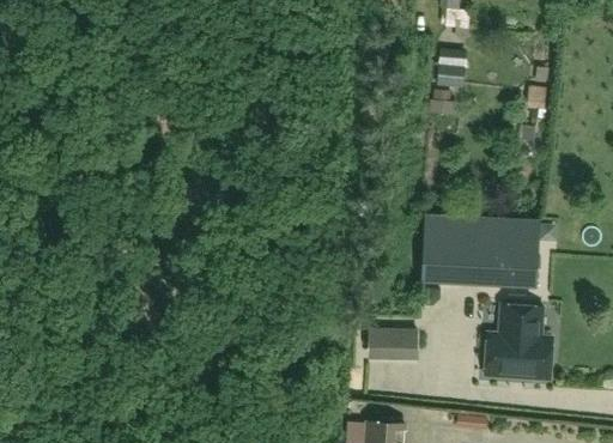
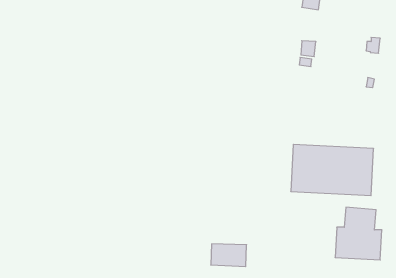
building: [368,329,419,362] -> [211,244,247,267]

